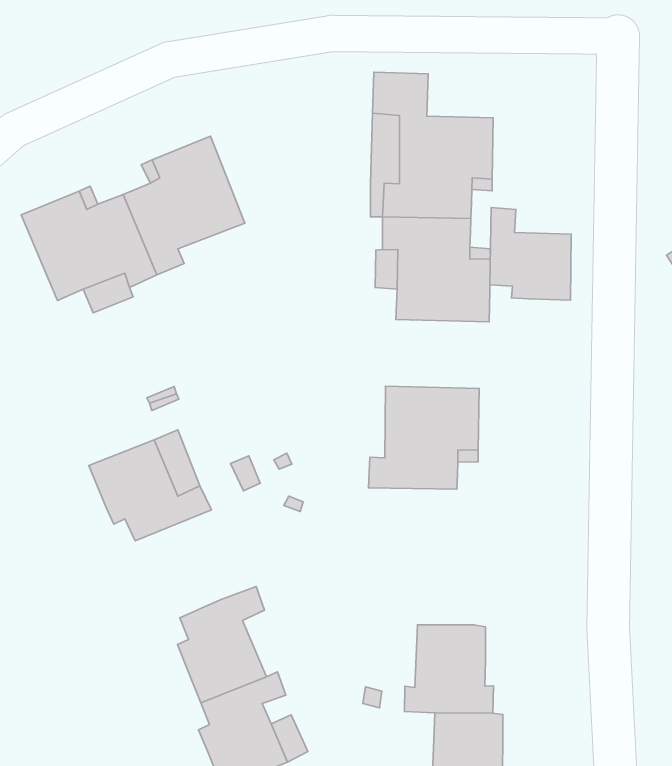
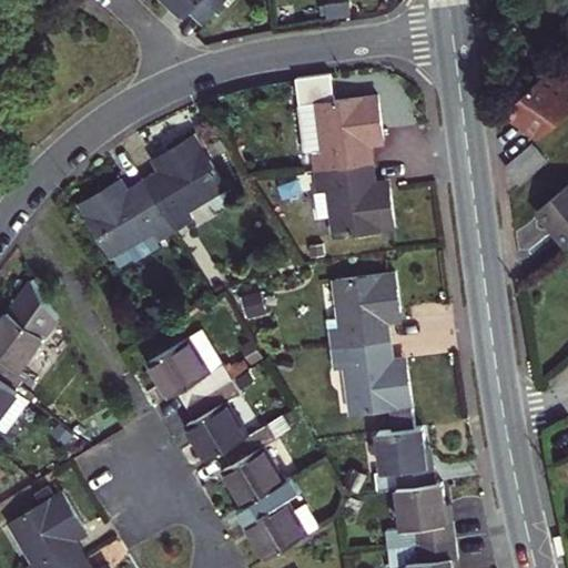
building: [490,207,571,300] -> none
building: none -> [331,342,413,432]
building: none -> [184,379,245,462]

